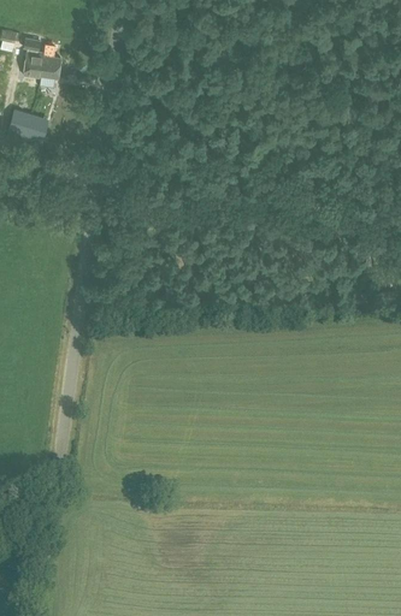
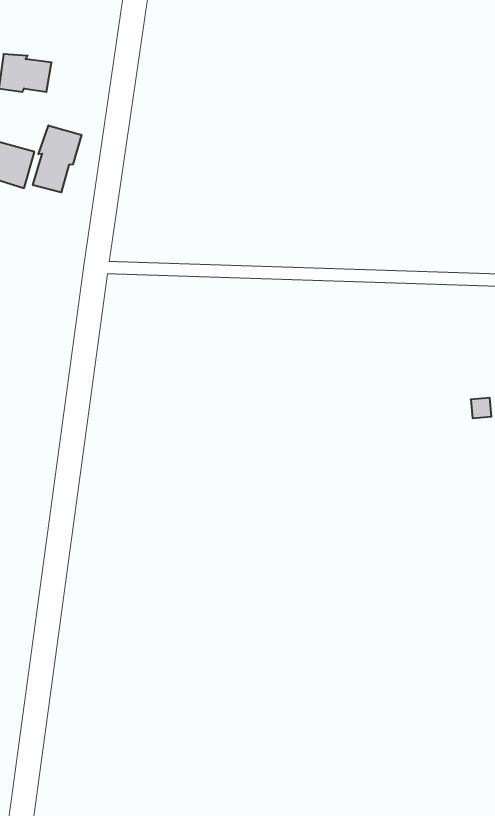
building: none -> [33,125,81,192]

